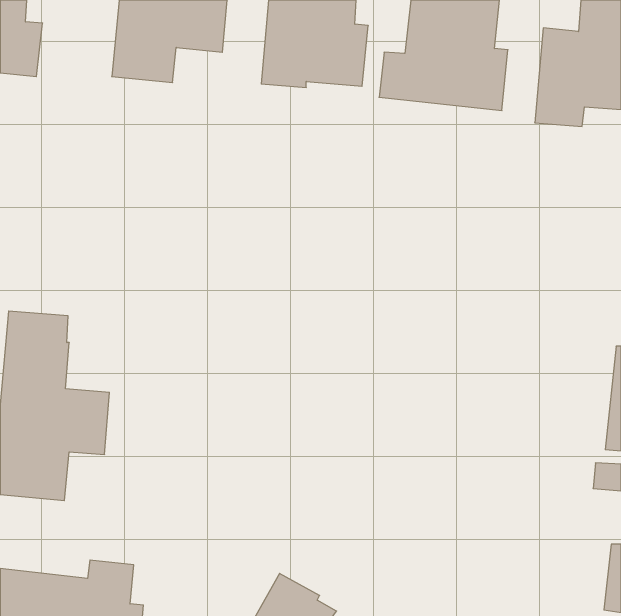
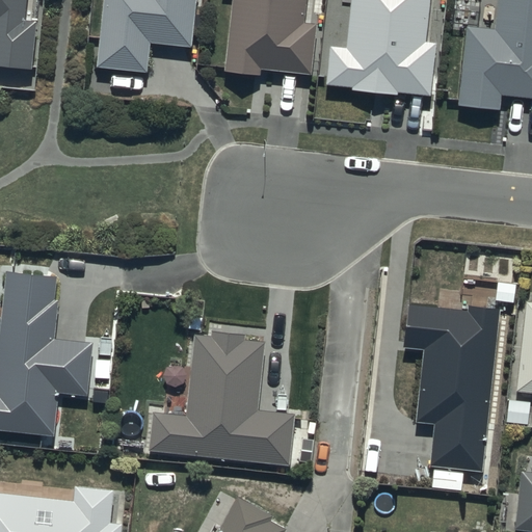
building: none -> [405,301,499,471]
building: none -> [149,328,297,463]

